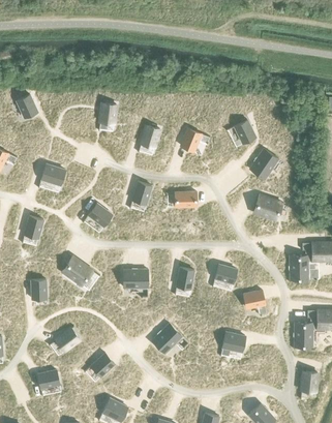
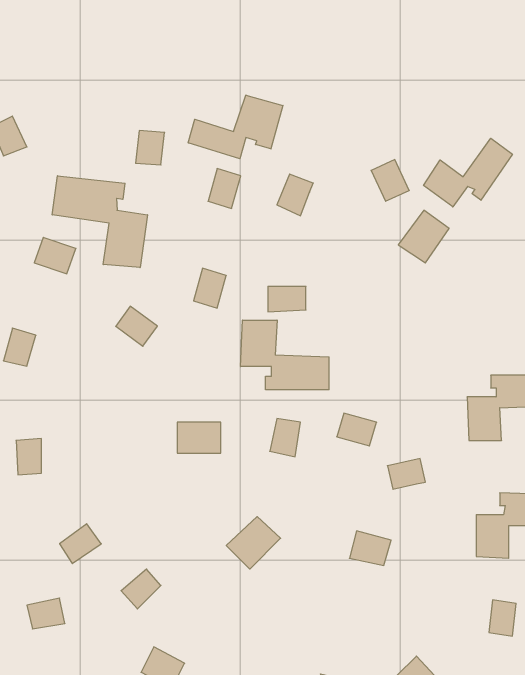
building: none -> [188,95,283,159]
building: none -> [424,138,512,207]
building: none -> [52,176,147,268]
building: [253,195,281,220] -> none
building: none -> [241,320,329,390]
building: [62,256,92,285] -> none

